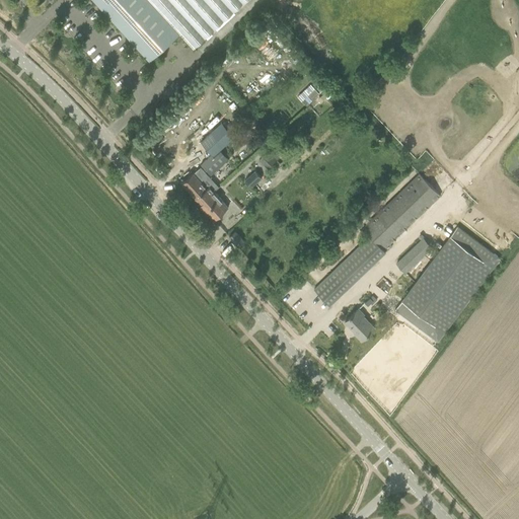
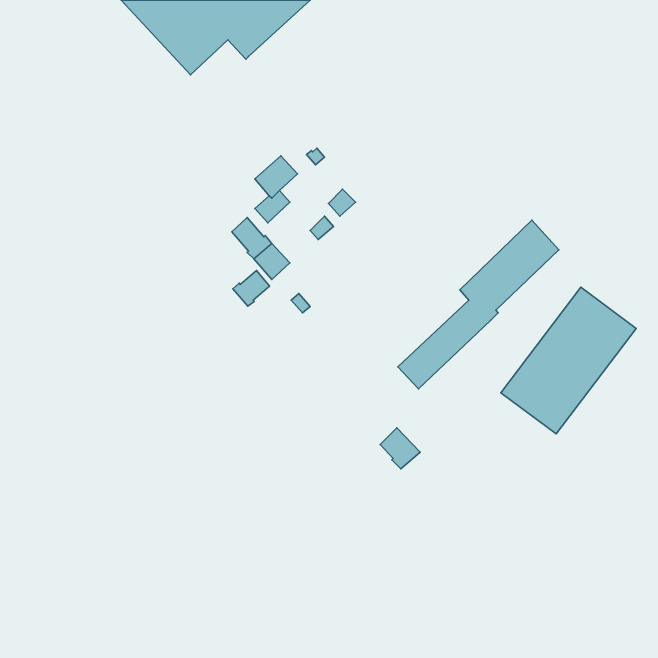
building: none -> [233,270,270,306]
building: [395,237,433,274] -> none
building: [345,308,376,341] -> [380,428,420,469]

